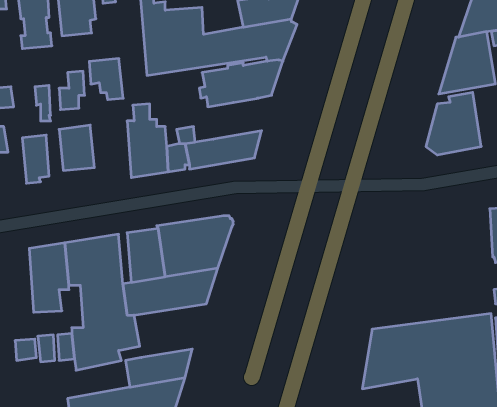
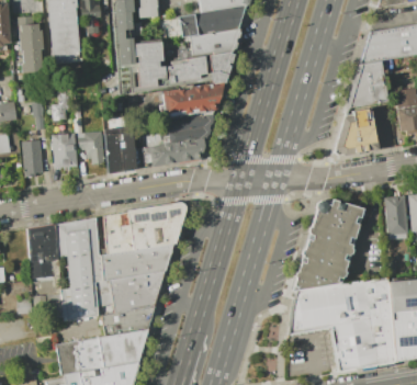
building: [89,59,123,100] -> [79,132,105,163]
building: none -> [168,111,215,144]
building: none -> [295,200,364,290]
building: none -> [110,271,166,313]

